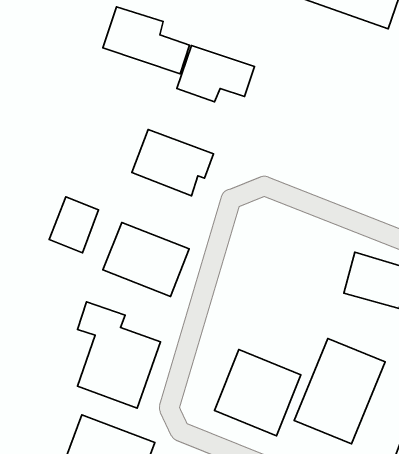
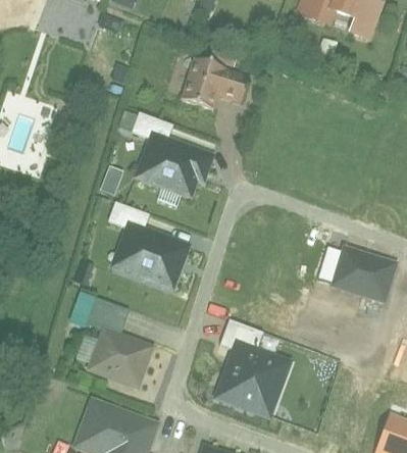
building: [103,7,190,74] -> none
building: [49,197,99,253] -> none
building: [294,338,385,444] -> none

